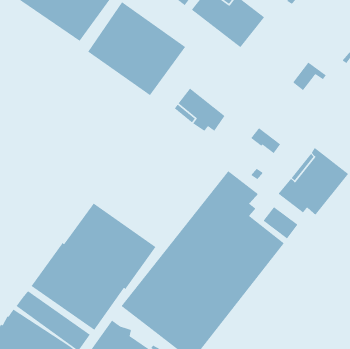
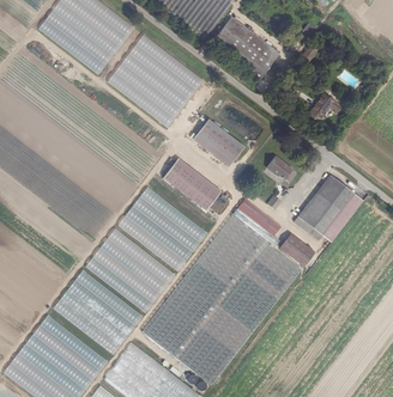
building: none -> [162,158,219,209]
building: none -> [119,188,207,274]

